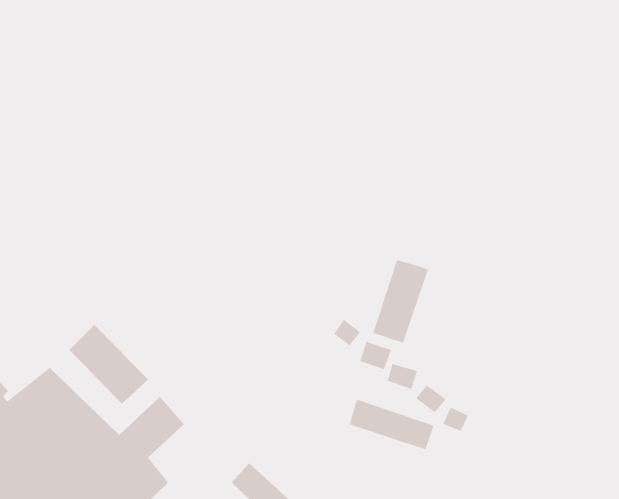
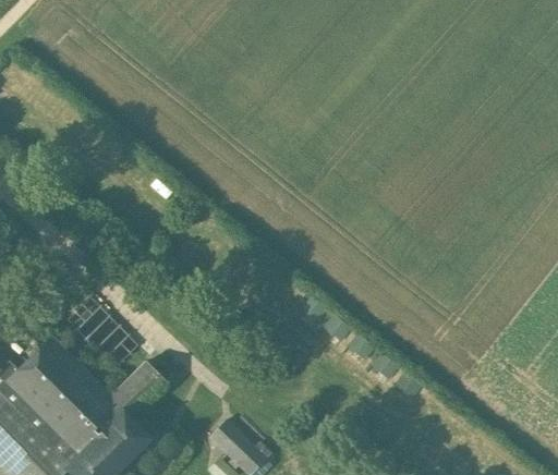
building: [372,259,429,344] -> none
building: [349,399,434,450] -> none

